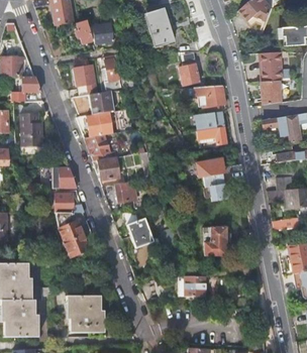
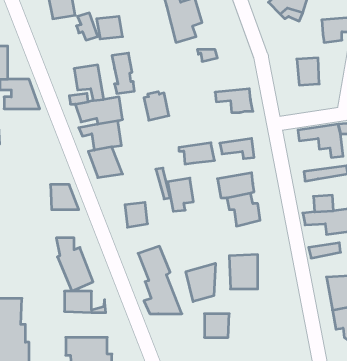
building: [179,63,200,87] -> [144,92,169,120]
building: [263,81,283,105] -> none
building: [194,111,224,129] -> [179,143,215,164]
building: [20,113,41,146] -> none
building: [98,157,120,186] -> [167,178,193,211]
building: [49,194,85,212] -> [64,291,106,313]
building: none -> [186,263,215,302]

